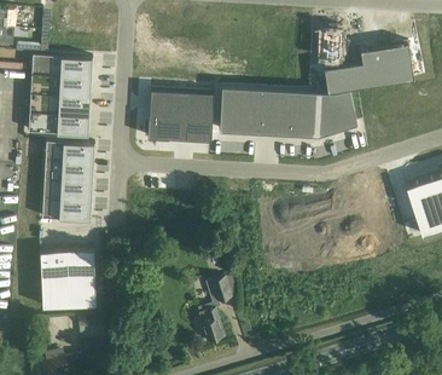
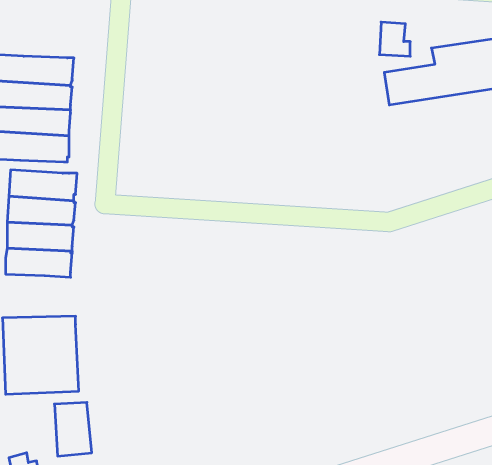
building: [217,86,355,135] -> none
building: [147,90,213,140] -> none
building: [204,275,235,301] -> none
building: [197,307,222,341] -> none

